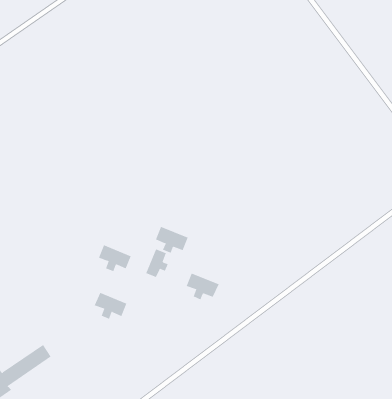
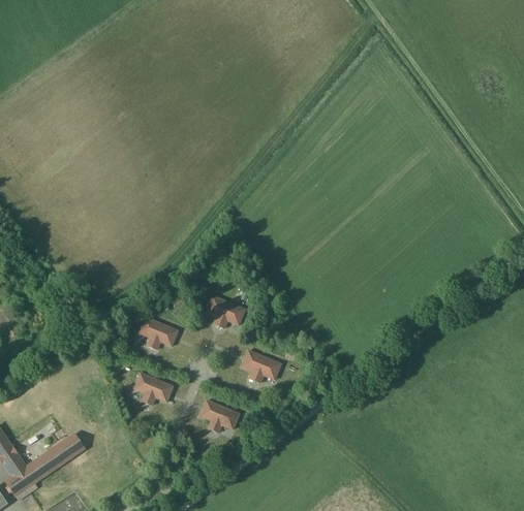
building: [146,248,168,278] -> none
building: none -> [199,400,239,432]

